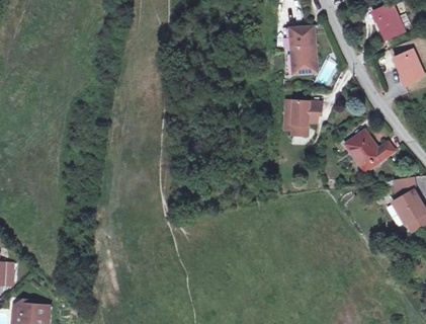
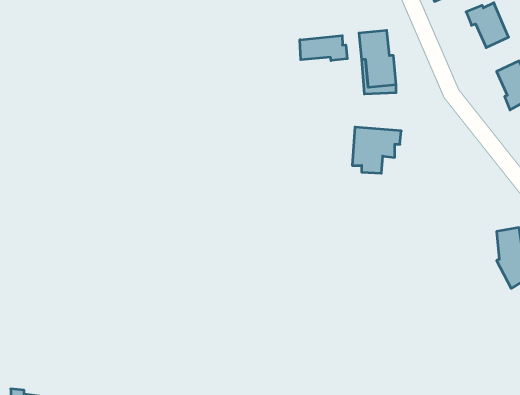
building: none -> [300,36,347,61]
building: [347,133,393,171] -> none

